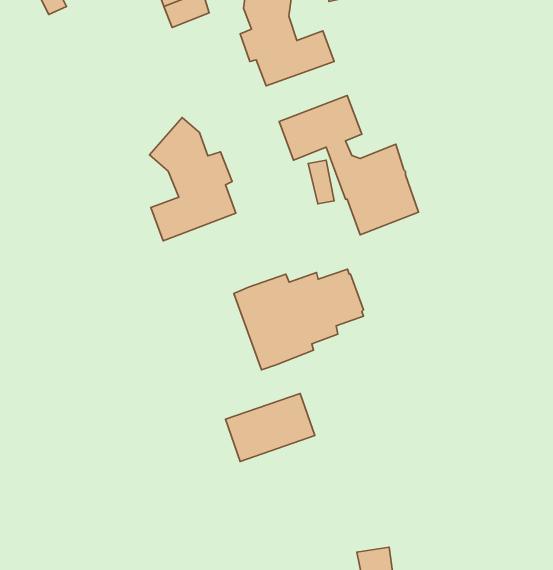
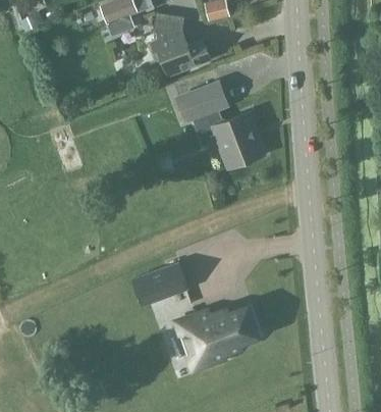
building: [150,117,236,241] -> none
building: [234,269,364,370] -> [175,307,257,370]

